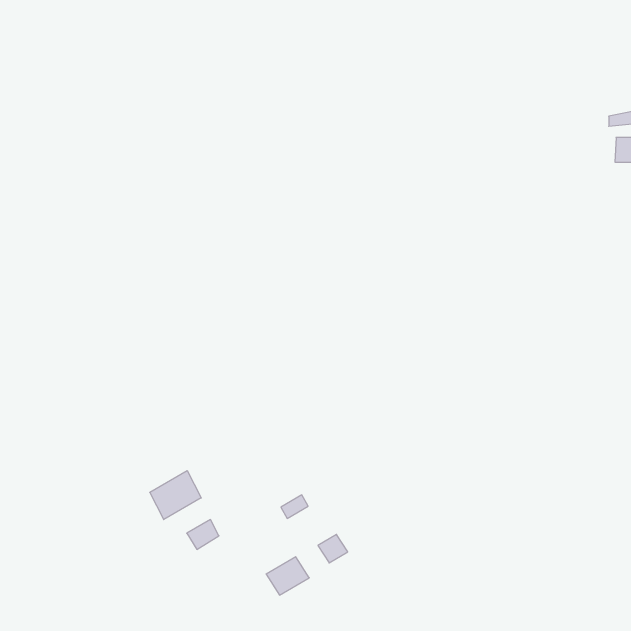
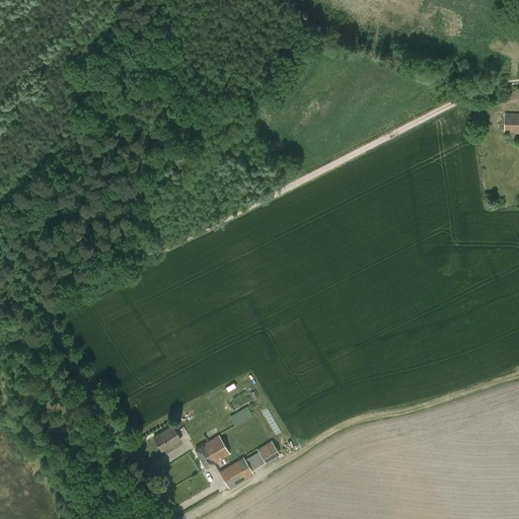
building: [150,471,201,520] -> none
building: none -> [196,435,230,466]

